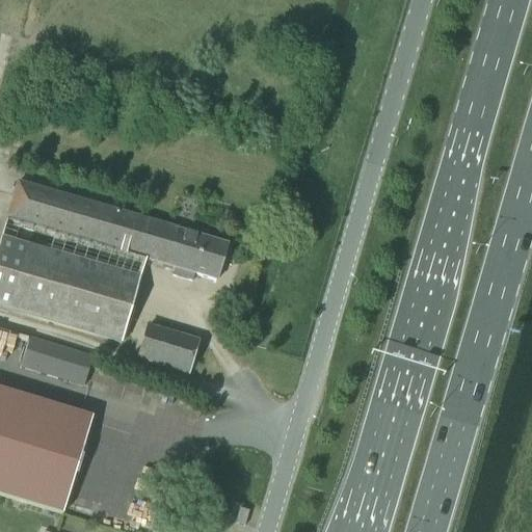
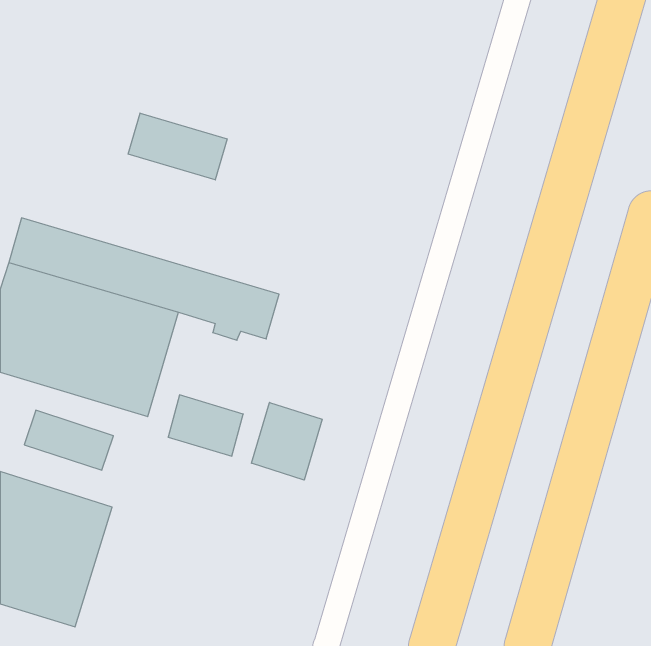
building: none -> [128,113,227,180]
building: none -> [251,402,322,480]

